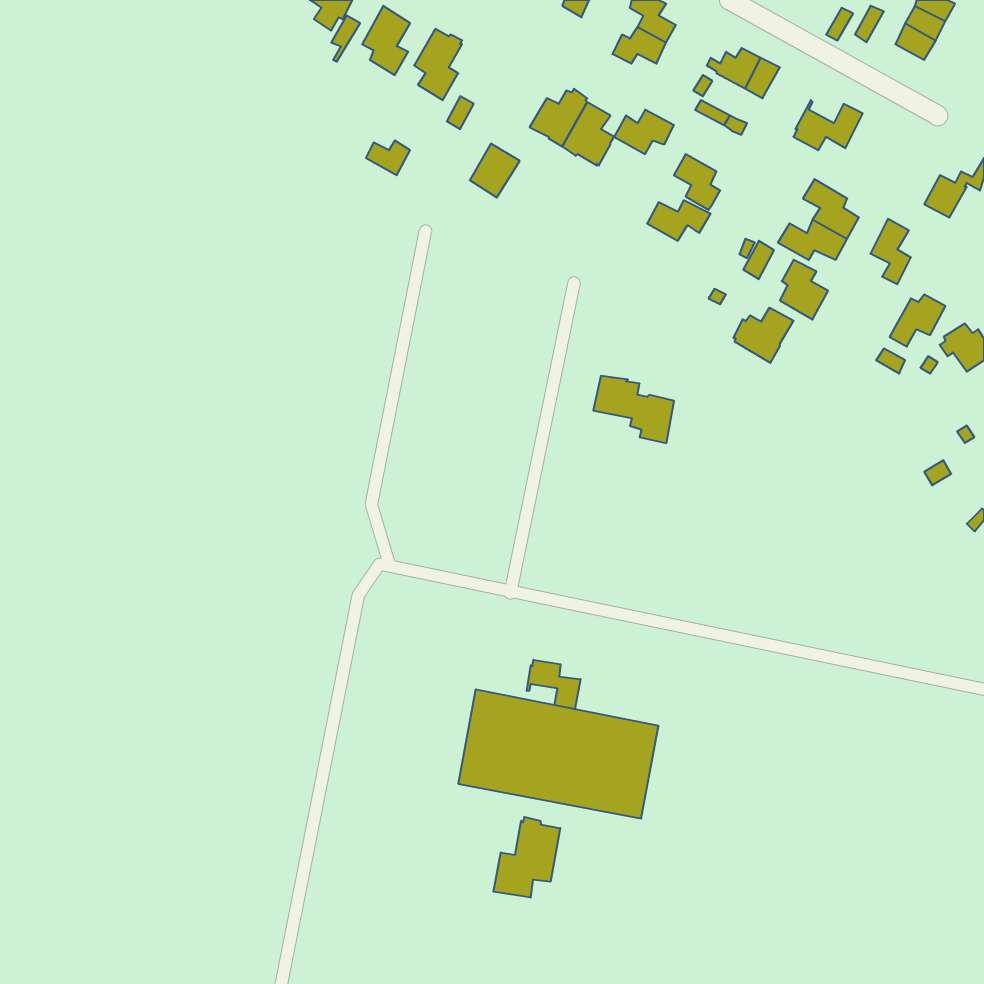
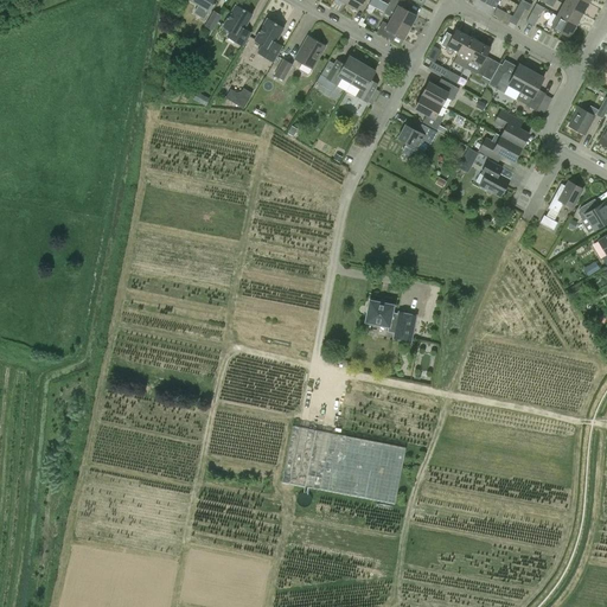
building: none -> [469,41,499,79]
building: [614,110,674,154] -> [422,78,459,106]
building: [470,144,520,198] -> [295,36,326,69]
building: [870,219,911,284] -> [520,70,545,110]
building: [734,308,794,363] -> none
building: [593,376,674,443] -> [365,300,415,341]
building: [527,660,581,709] -> none
building: [493,817,560,898] -> none

